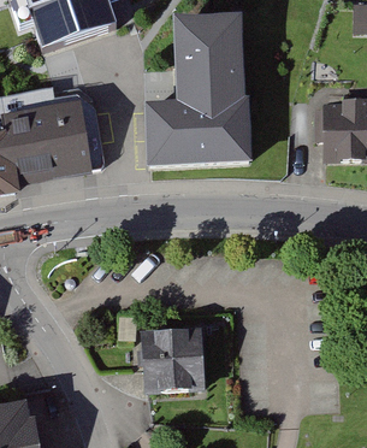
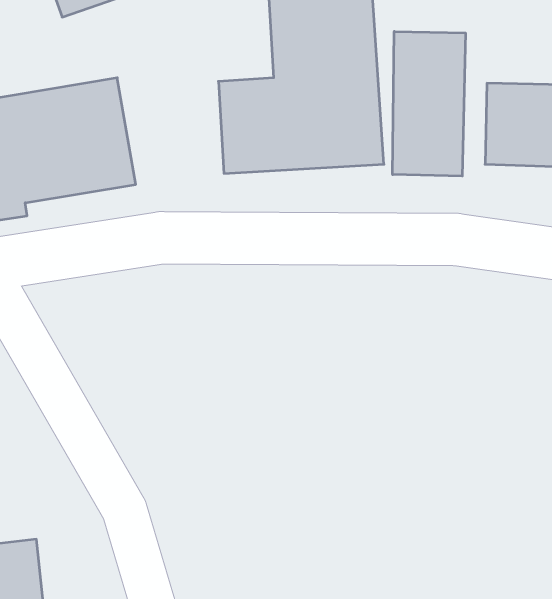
building: none -> [393,31,465,176]
building: [136,326,211,390] -> none

